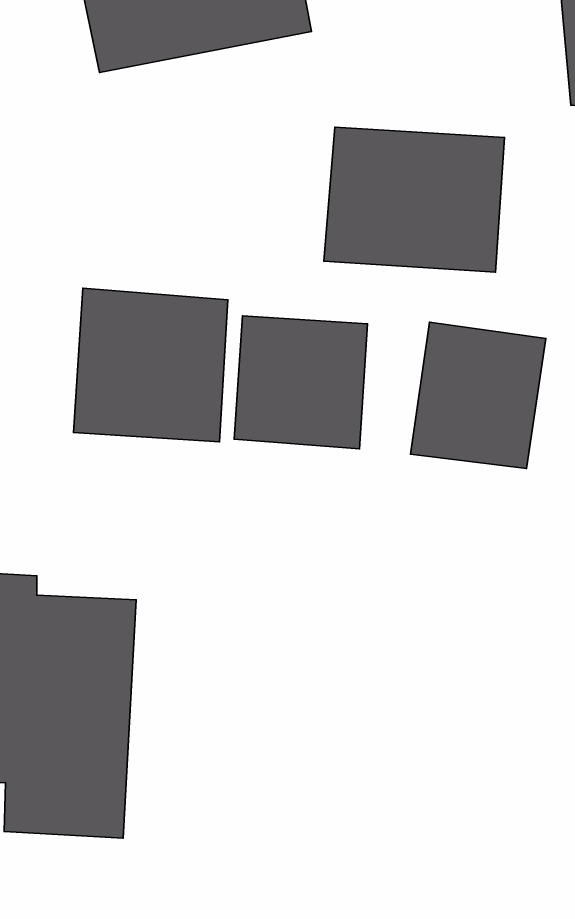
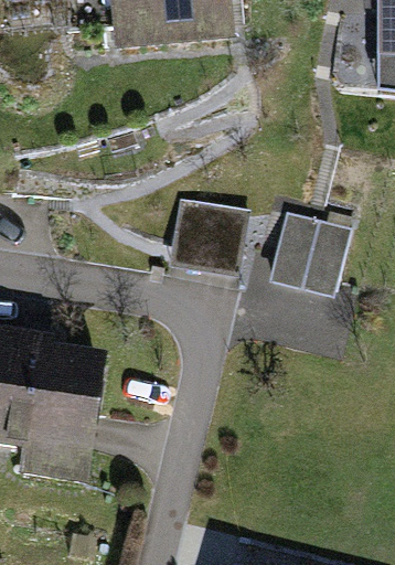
building: [324,127,504,272] -> none
building: [74,288,228,442] -> none

